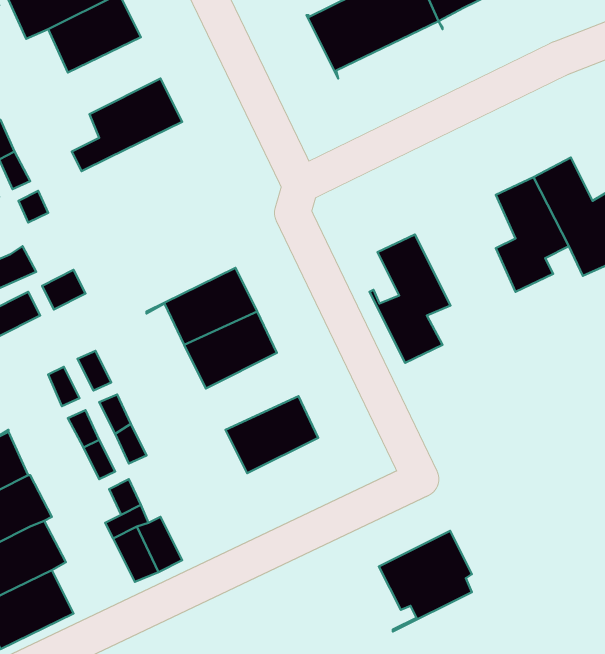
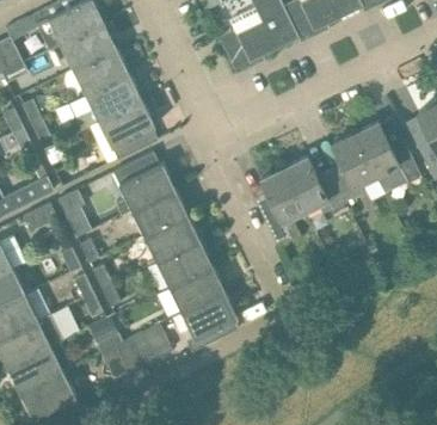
building: none -> [73,49,129,96]
building: none -> [98,100,158,160]
building: none -> [112,153,174,215]
building: none -> [283,156,344,212]
building: none -> [156,240,213,287]
building: none -> [129,325,172,365]
building: [379,531,472,631] -> [181,291,238,352]

